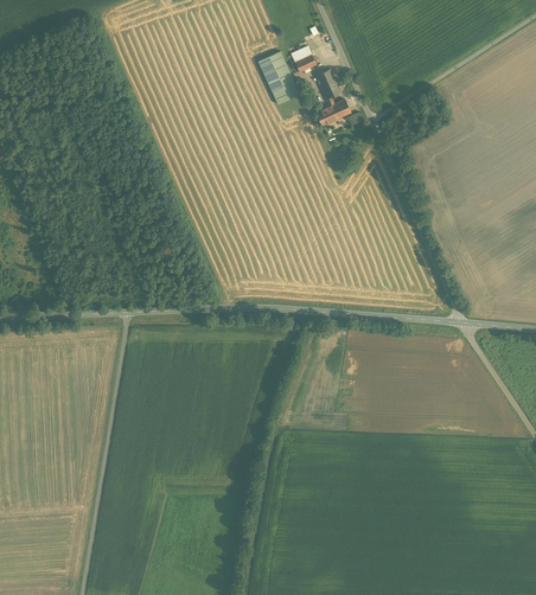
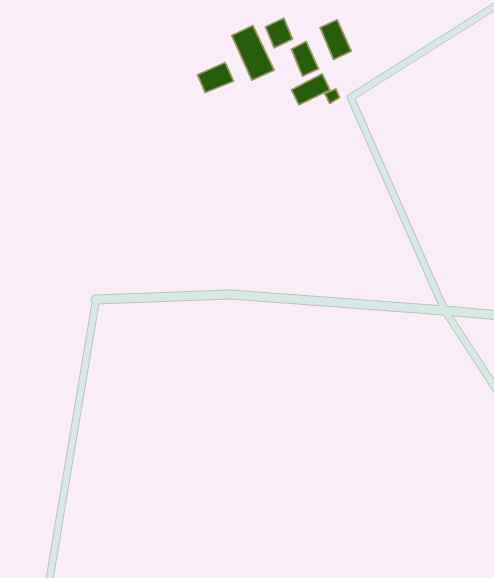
building: none -> [320,20,351,60]
building: none -> [197,62,234,92]

